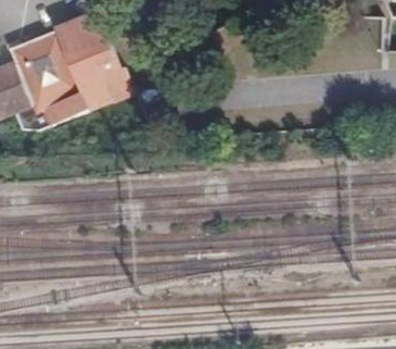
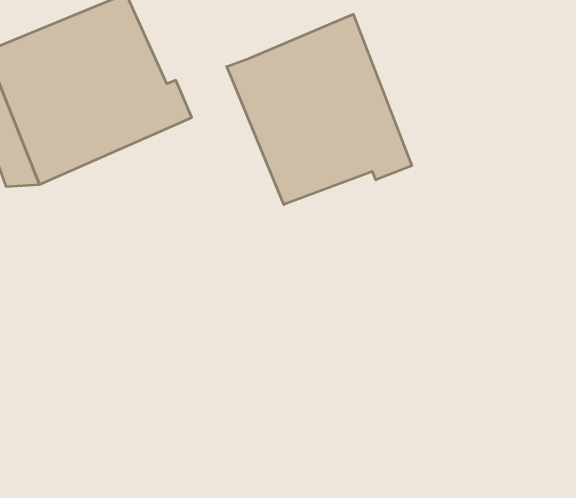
building: none -> [227,14,412,205]

